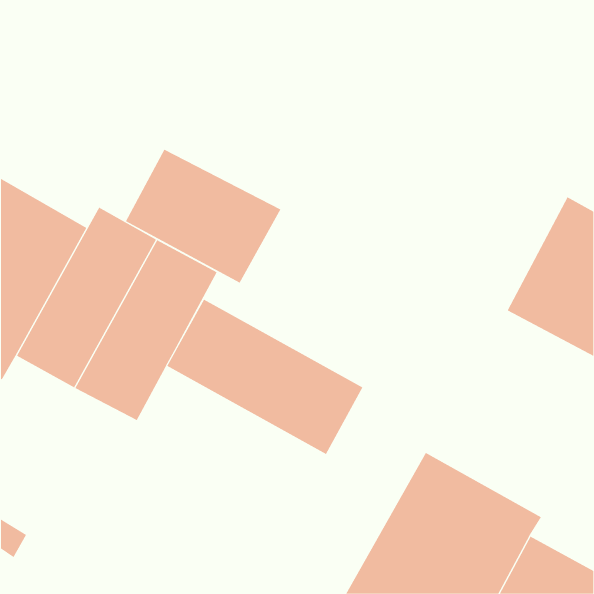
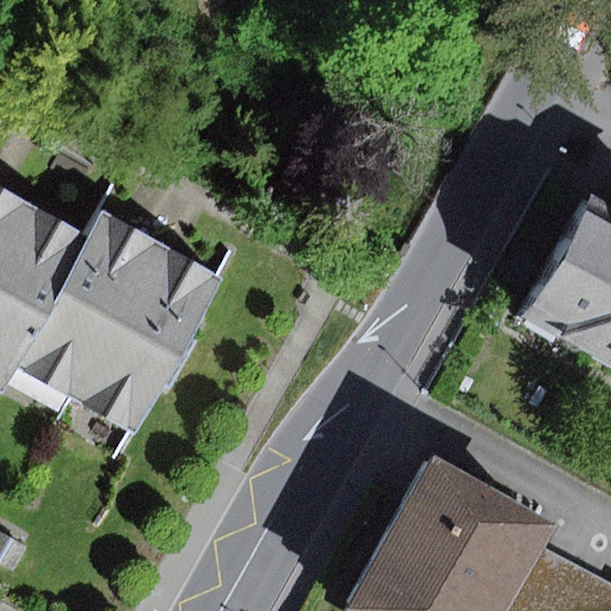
building: [125,149,281,284] -> none
building: [167,299,363,455] -> none

